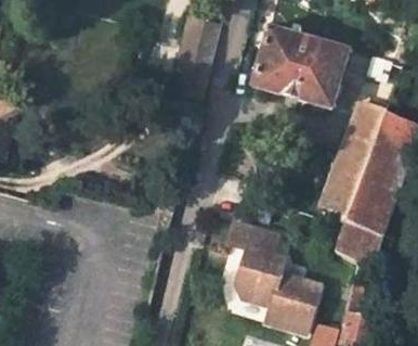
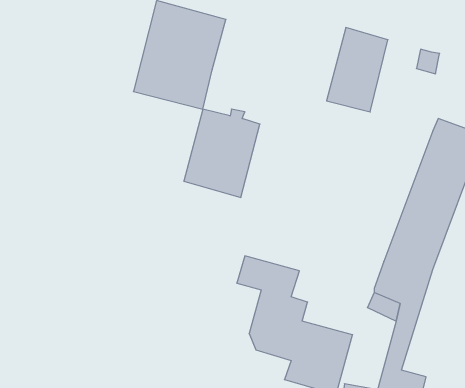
building: [252,26,313,97] -> [184,109,260,197]
building: [314,111,382,225] -> none

